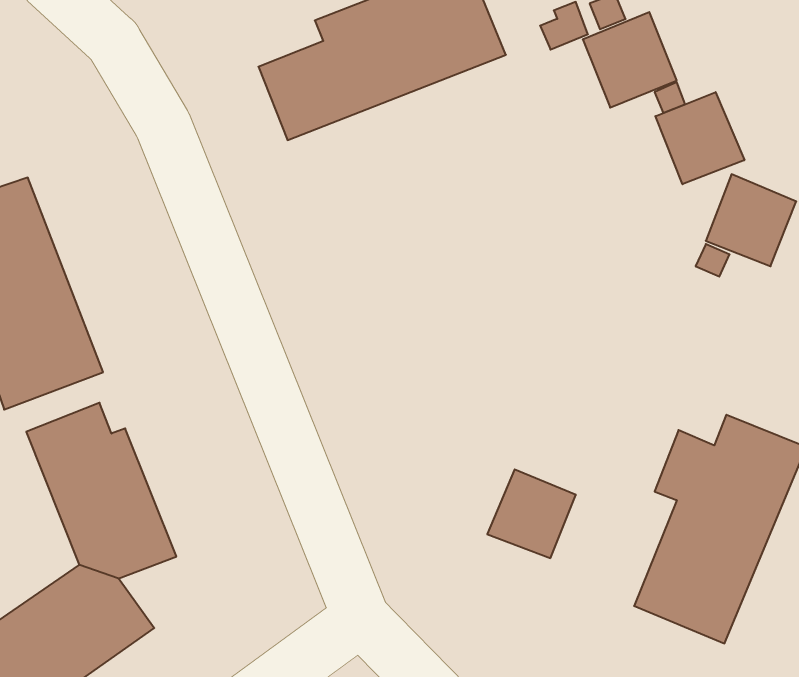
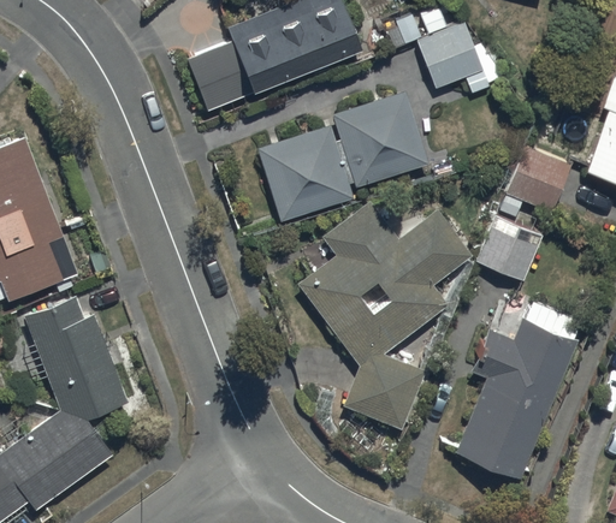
building: [655,92,744,184] -> none
building: none -> [255,87,427,218]
building: none -> [297,196,469,359]
building: none -> [475,213,541,279]

